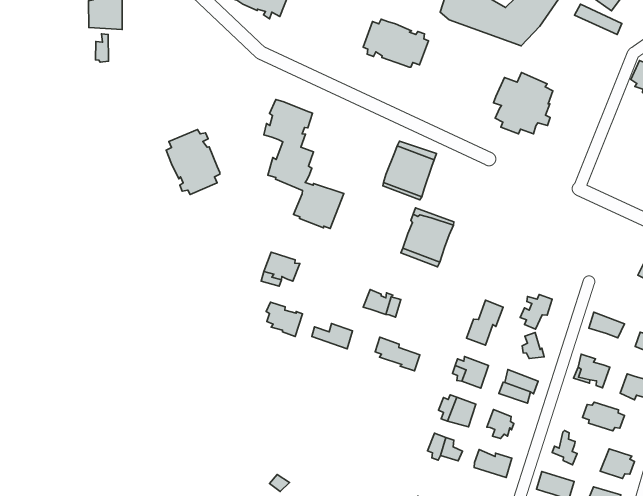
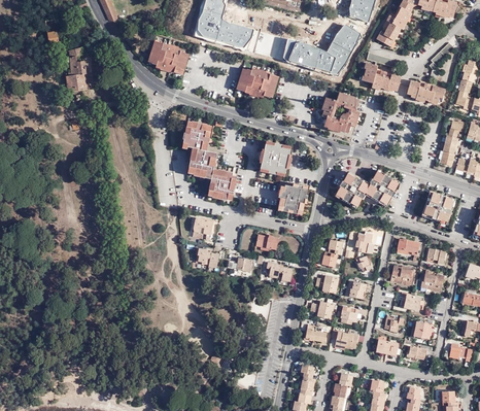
building: none -> [362,57,401,87]
building: [166,129,220,195] -> none
building: none -> [335,169,397,203]

